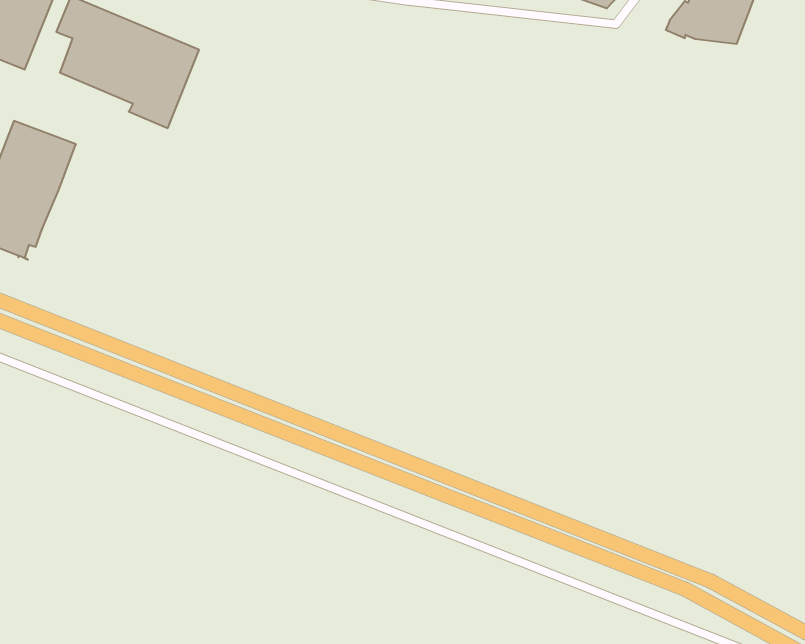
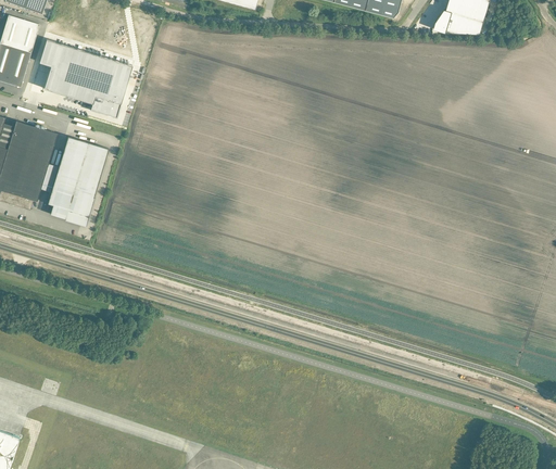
building: none -> [39,136,108,226]

